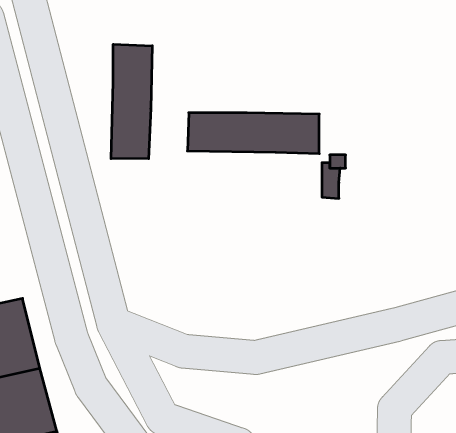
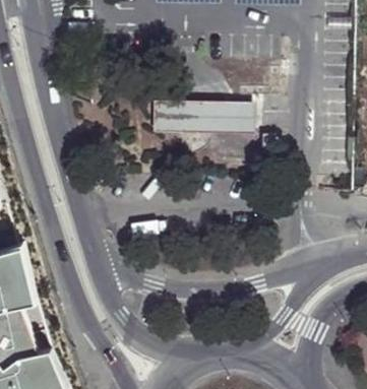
building: [111,44,152,159] -> none

